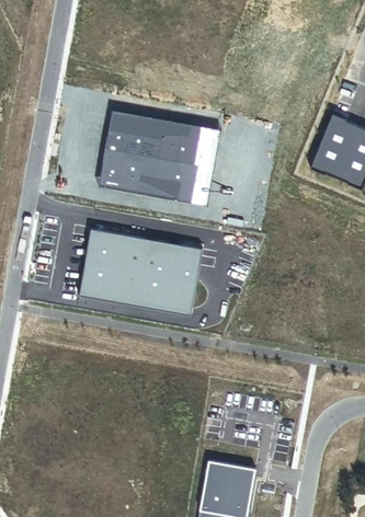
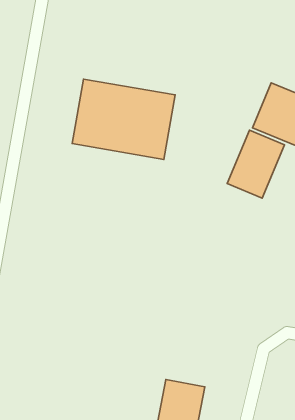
building: none -> [227,130,285,198]
building: [79,229,203,315] -> none

